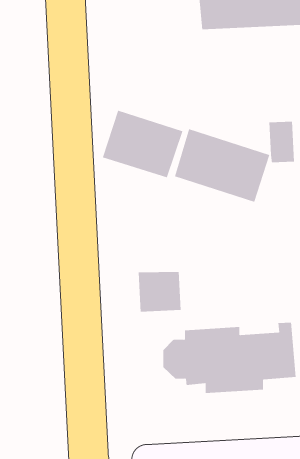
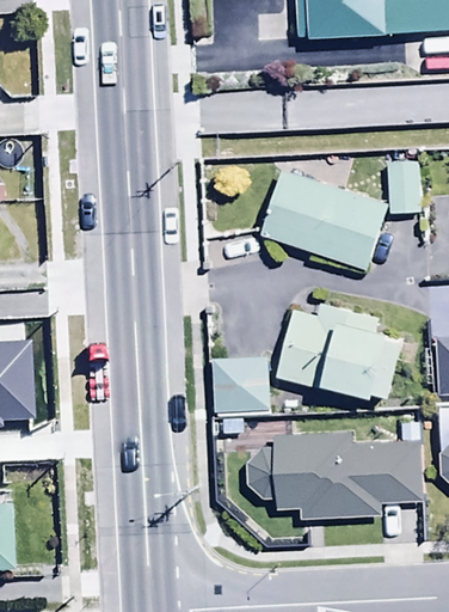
building: [102,110,183,178] -> none
building: none -> [277,302,404,399]

